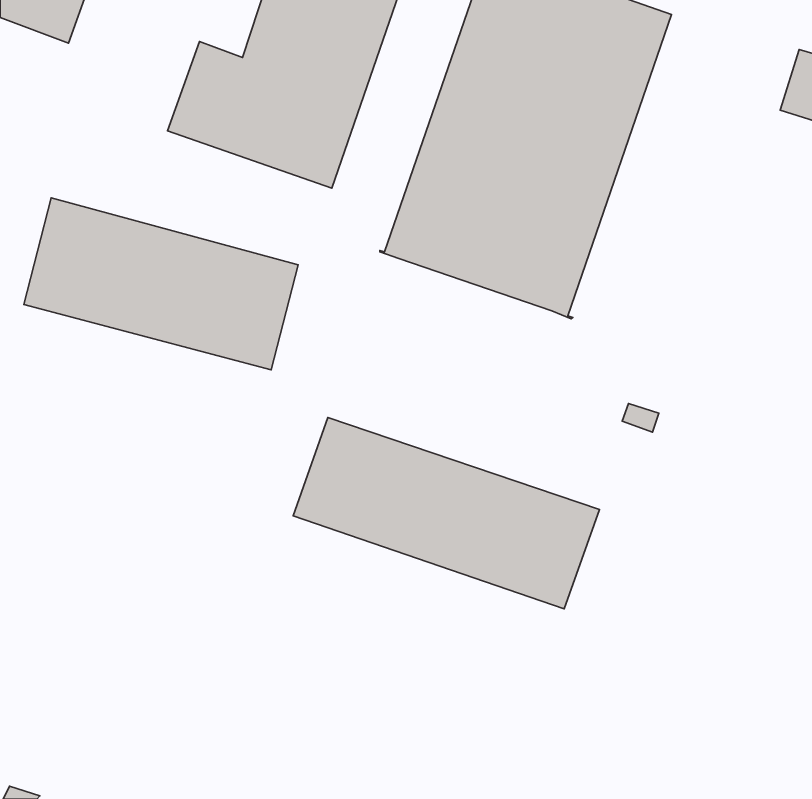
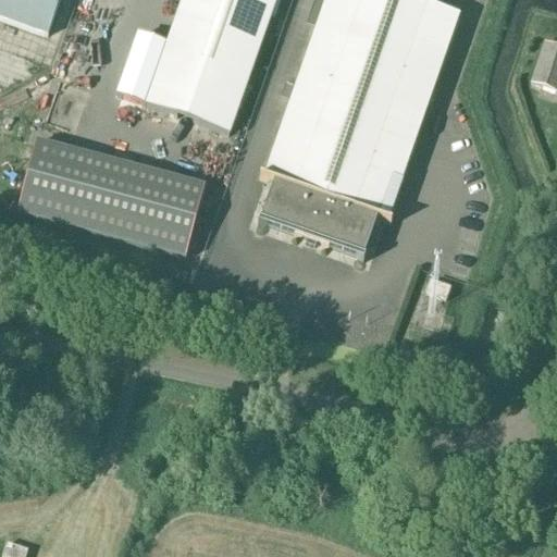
building: none -> [259,176,379,256]
building: [293,418,600,609] -> none

